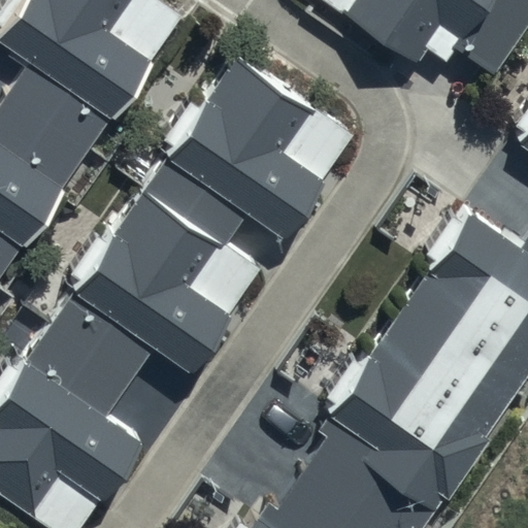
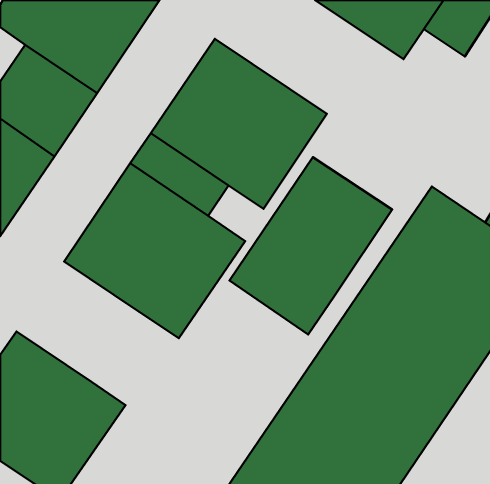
building: none -> [229,157,392,334]
building: [25,291,155,419] -> none

